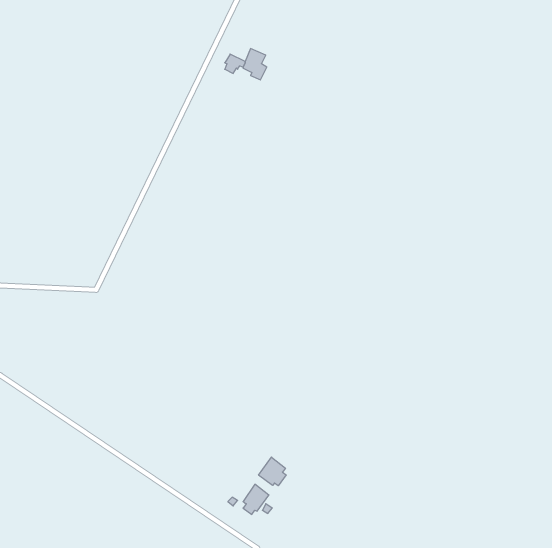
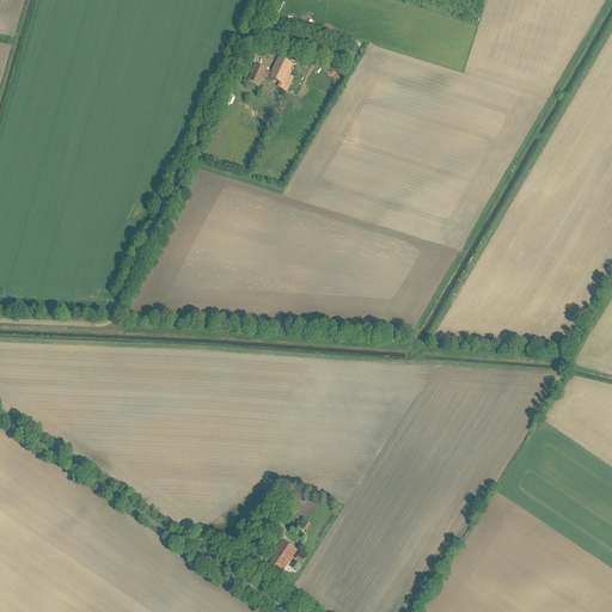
building: [259,457,286,486] -> none

